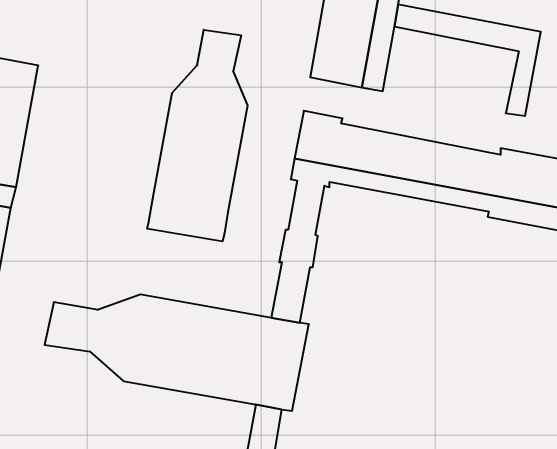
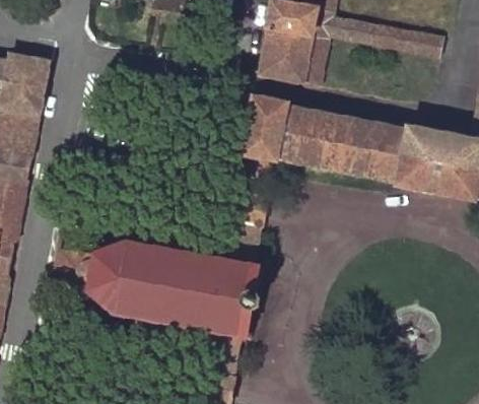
building: [147,30,248,241] -> none

